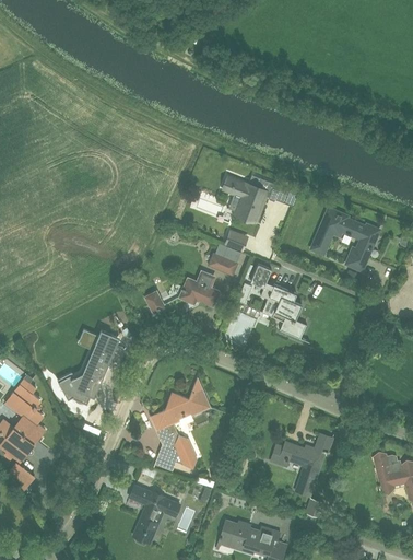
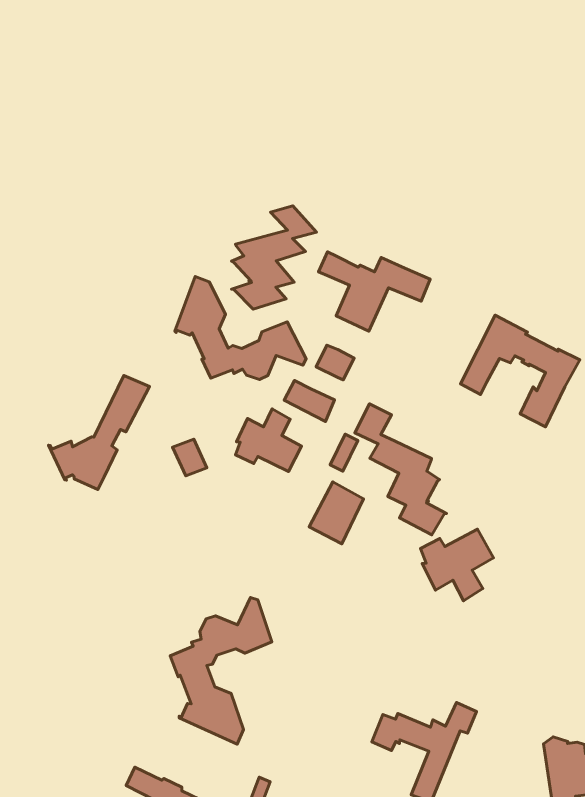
building: none -> [231,206,317,309]
building: none -> [175,276,306,379]
building: none -> [420,529,493,601]
building: [57,336,114,404] -> [48,376,149,490]

